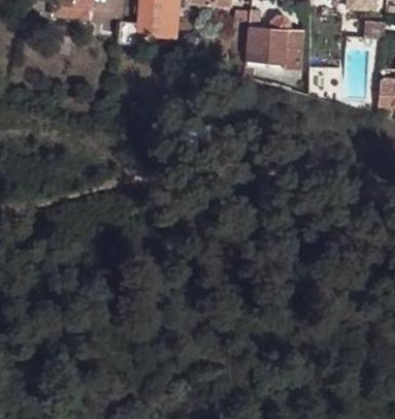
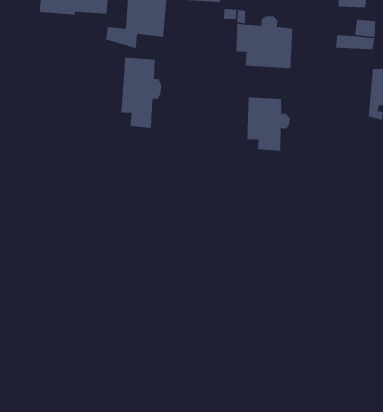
building: none -> [121,57,162,129]
building: none -> [246,97,290,152]

